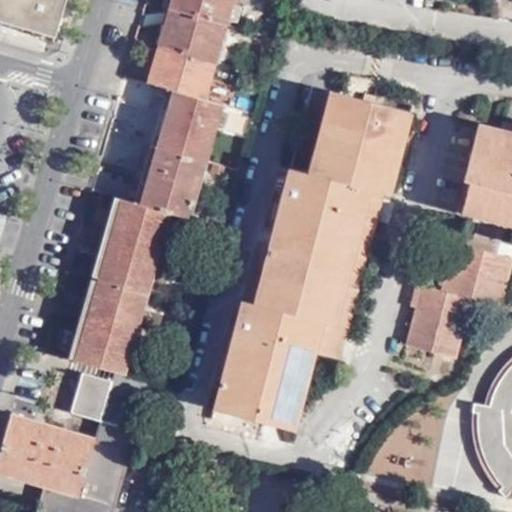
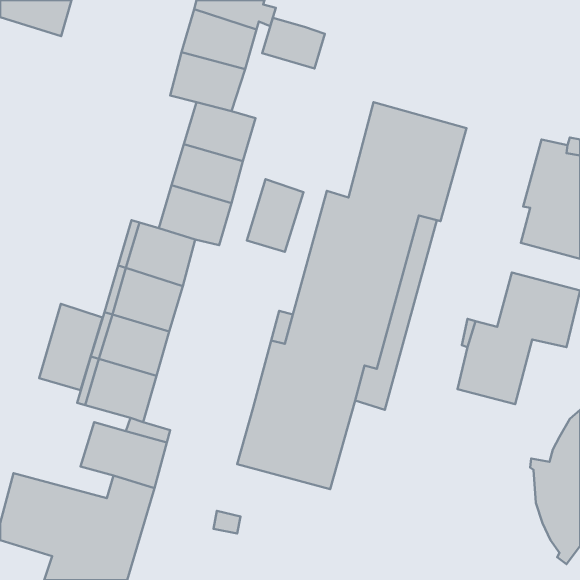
building: none -> [262,18,325,68]
building: none -> [247,179,304,252]
building: none -> [39,304,103,390]

